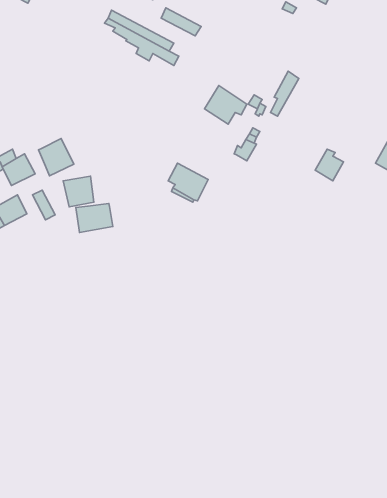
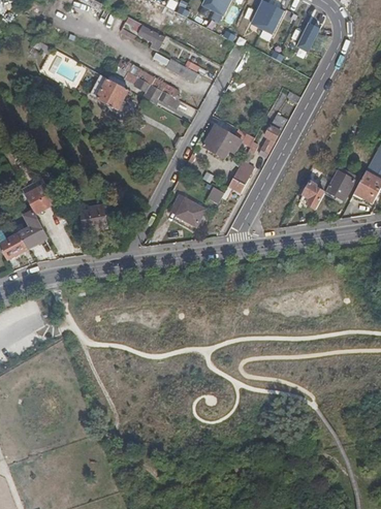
building: none -> [89,73,128,108]
building: none -> [325,161,353,199]
building: [39,139,74,176] -> none
building: [76,204,113,232] -> none

